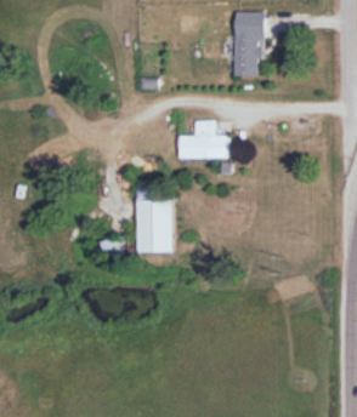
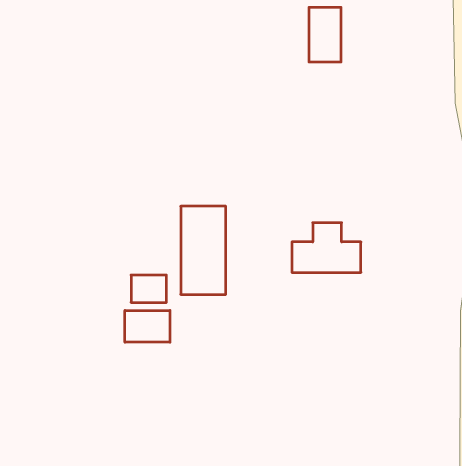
building: [178,120,231,158] -> [292,223,361,272]
building: none -> [125,310,170,342]

